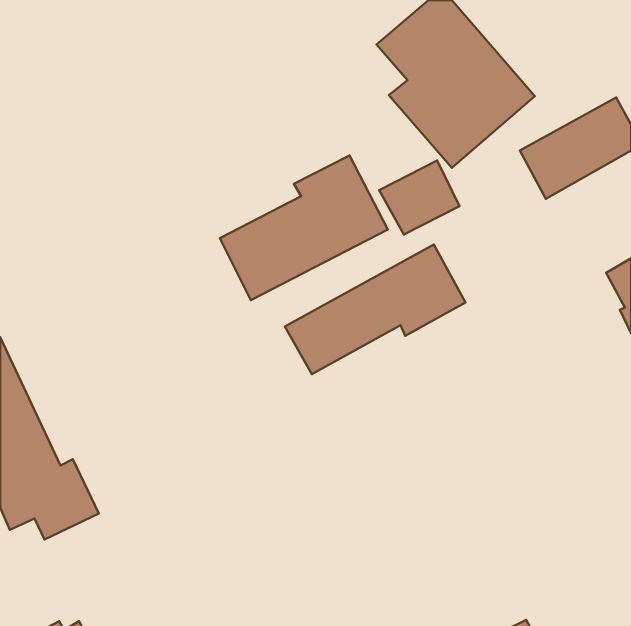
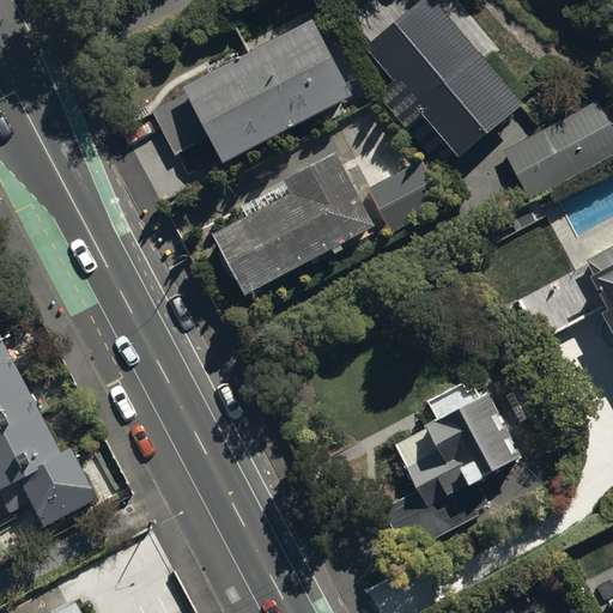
building: none -> [153,14,353,160]
building: [285,244,466,374] -> none
building: none -> [384,386,523,560]

